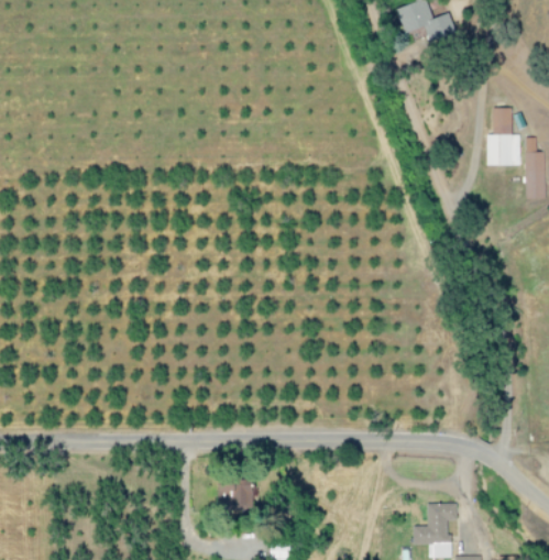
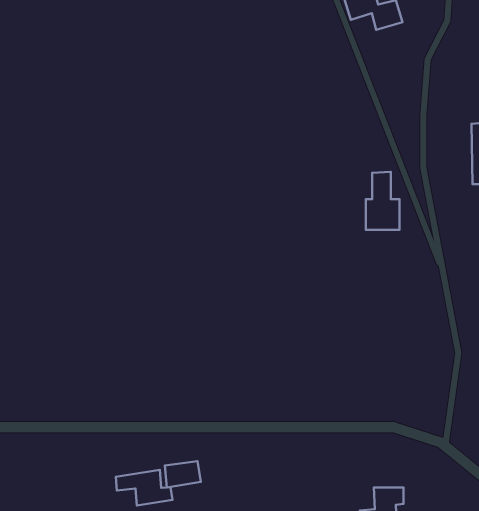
building: [486,108,520,166] -> [366,172,400,230]
building: none -> [116,470,173,505]

